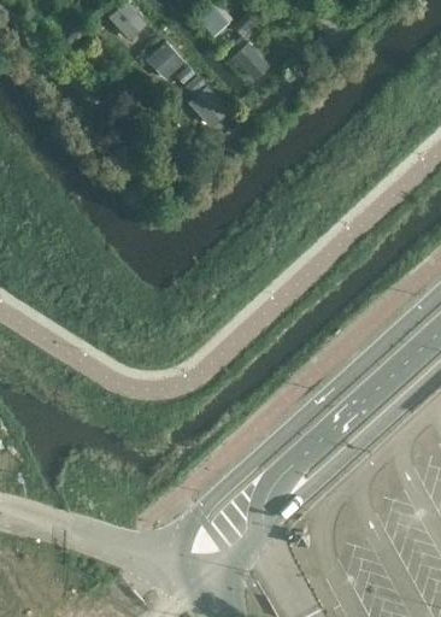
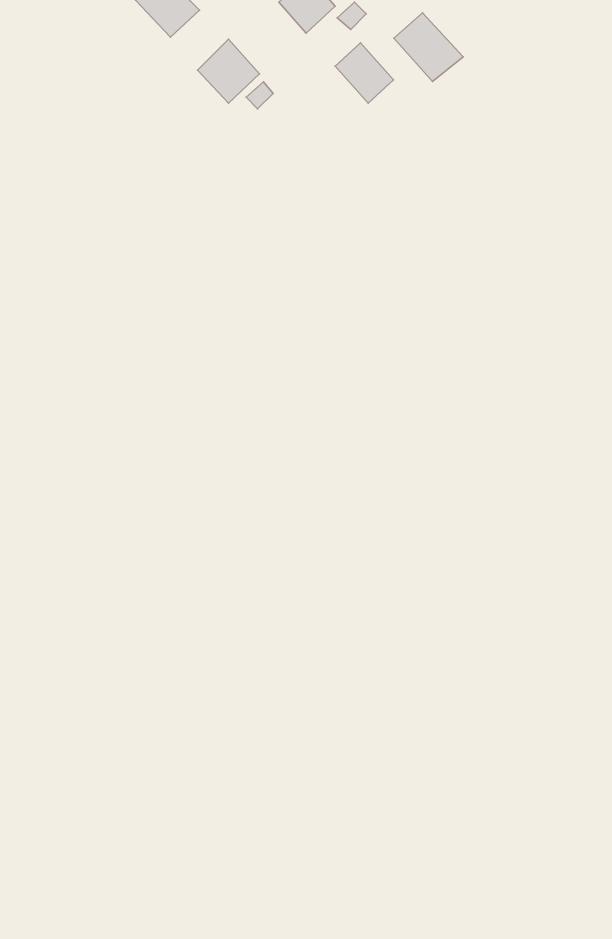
building: none -> [394,13,463,82]
building: [184,76,230,128] -> none

